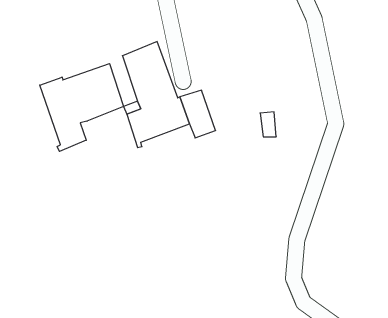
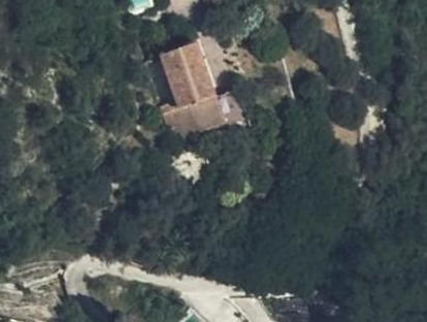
building: [40,64,124,151] -> none

